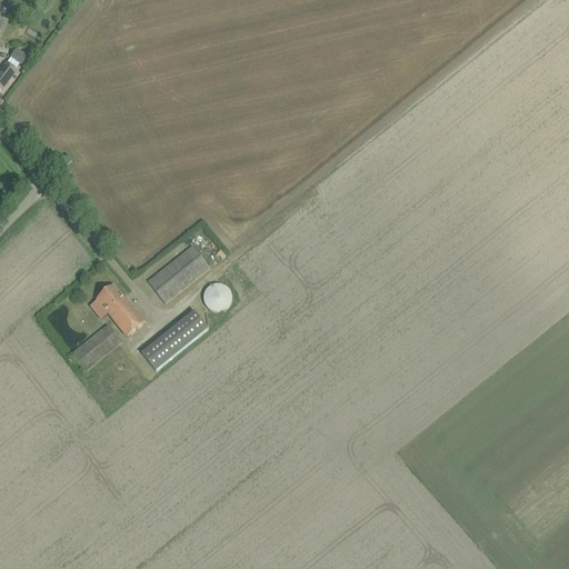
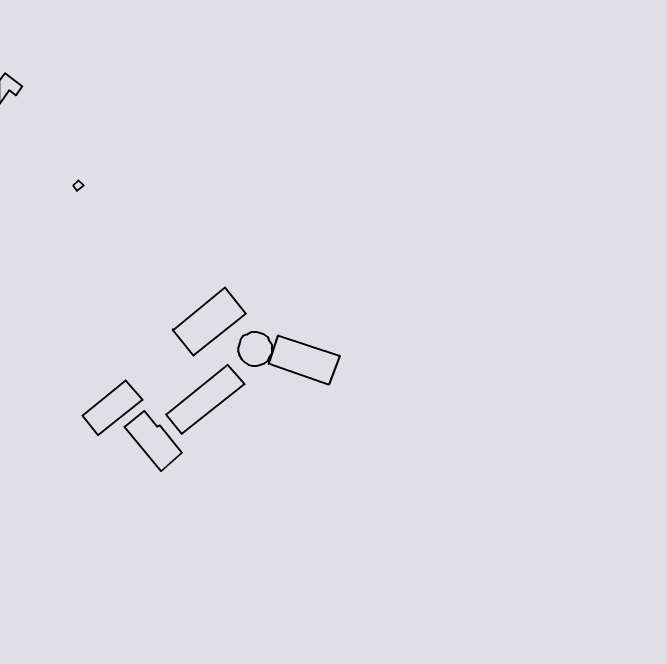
building: [96,284,144,336] -> [124,411,182,471]
building: none -> [269,335,340,385]

